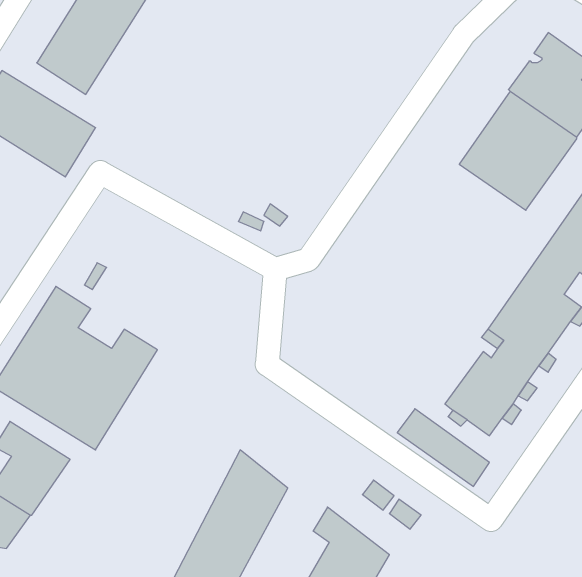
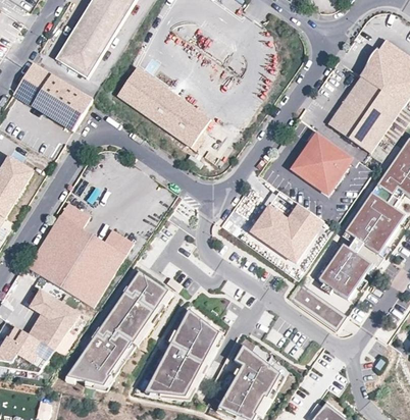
building: none -> [117,66,211,147]
building: none -> [291,132,353,194]
building: none -> [252,192,325,264]
building: none -> [65,269,165,384]

